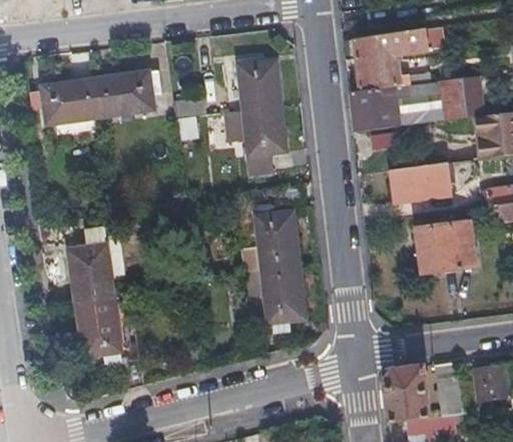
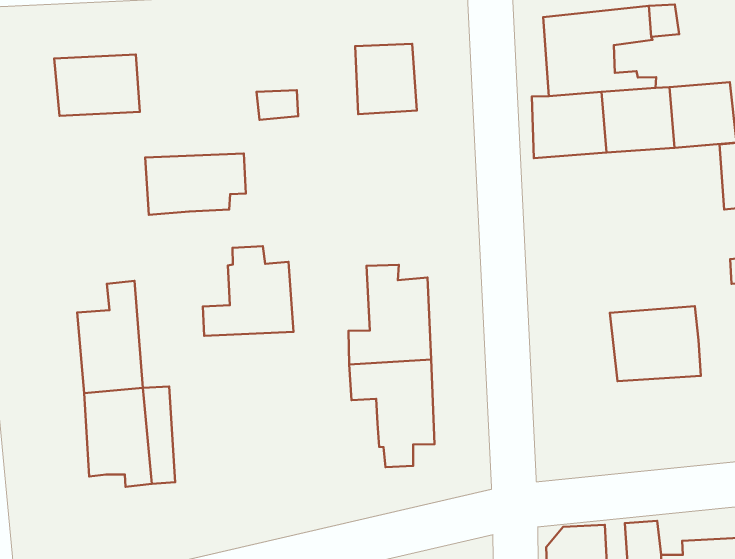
building: [94,74,161,118] -> [145,153,246,215]
building: [228,105,285,154] -> none
building: [393,160,454,200] -> none
building: none -> [203,246,294,336]

